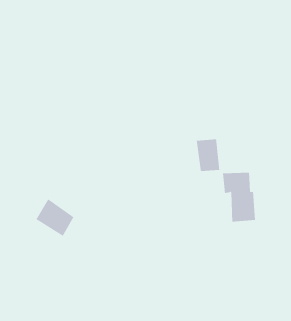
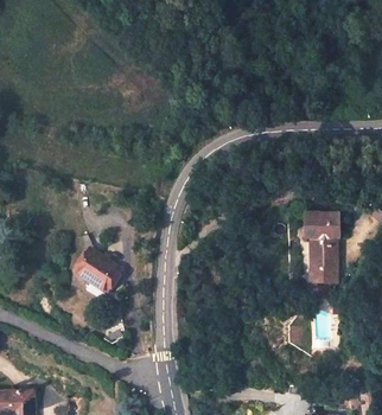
building: [196,139,220,172] -> none

